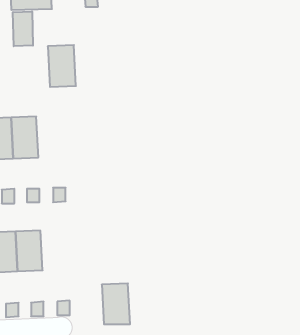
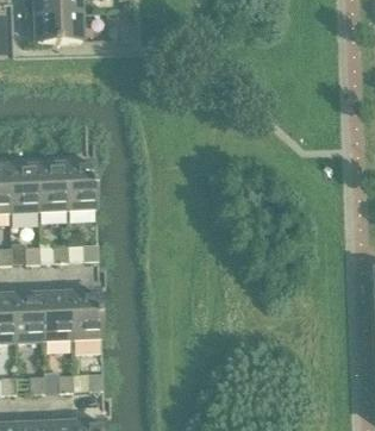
building: [13,11,33,46] -> none
building: [48,45,76,87] -> [63,162,95,210]
building: [102,283,130,324] -> [68,292,100,338]

